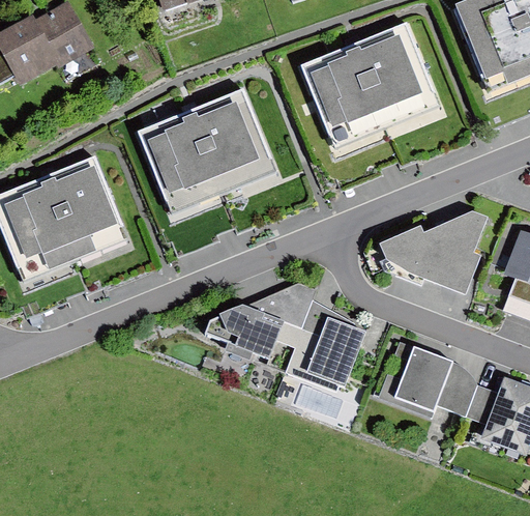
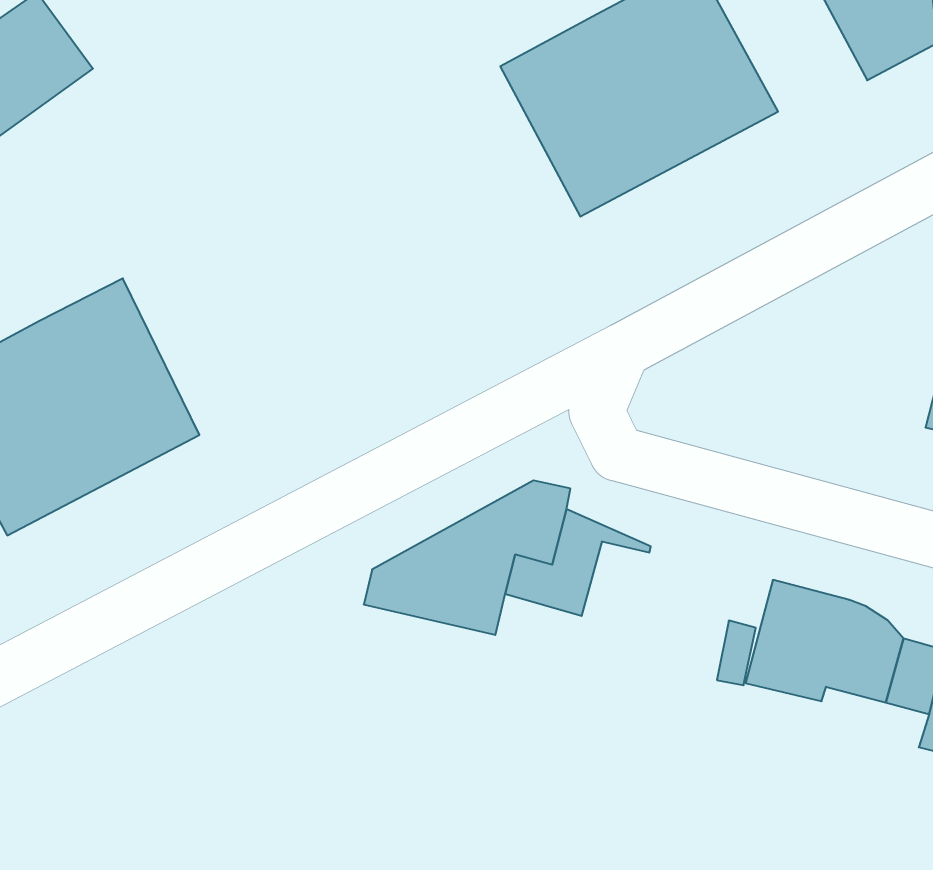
building: [137,87,278,214] -> none
building: [380,209,487,292] -> none
building: [307,316,364,386] -> none

